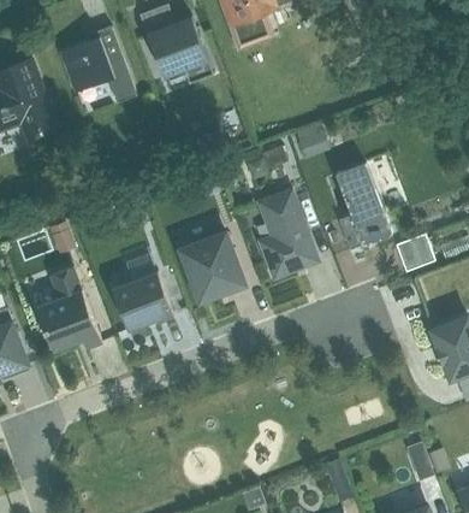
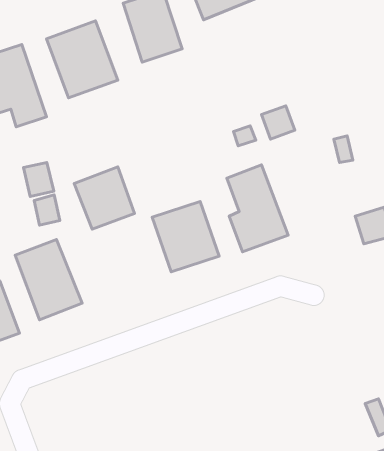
building: [338,165,391,247] -> none
building: none -> [24,163,54,197]
building: [108,267,173,335] -> [74,167,134,229]

